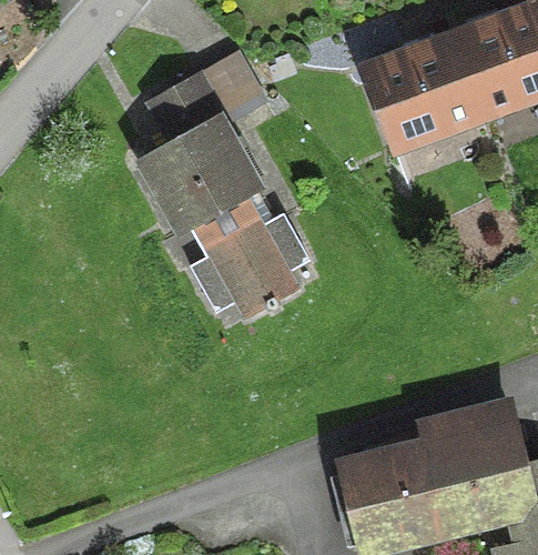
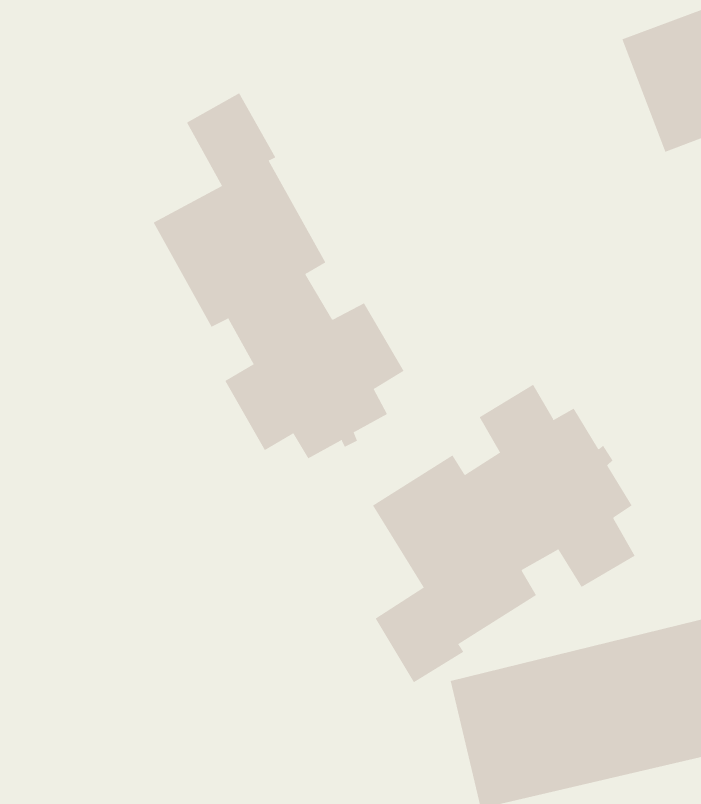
building: [365,37,483,145] -> none
building: none -> [372,384,636,683]

